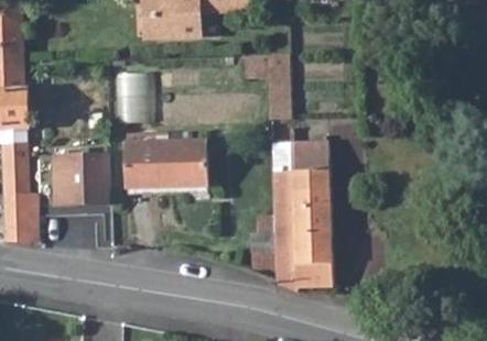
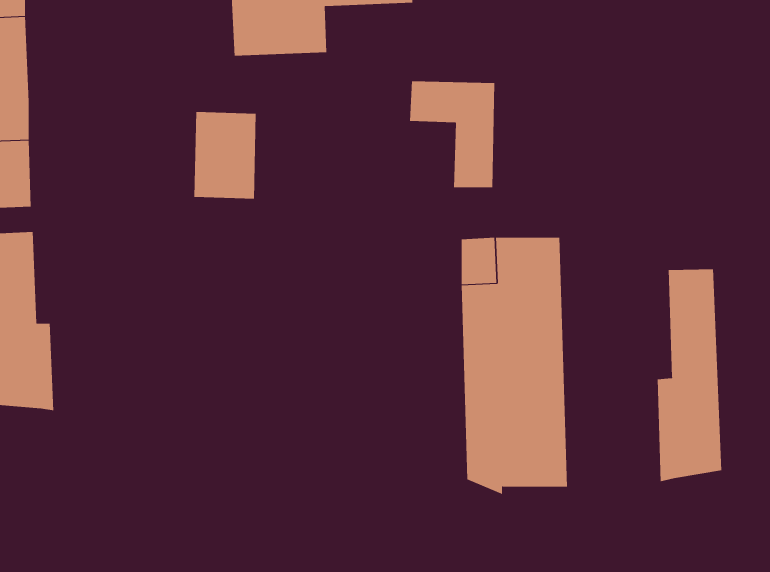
building: [126,141,208,194] -> none
building: [53,154,109,207] -> none
building: none -> [657,268,722,482]

